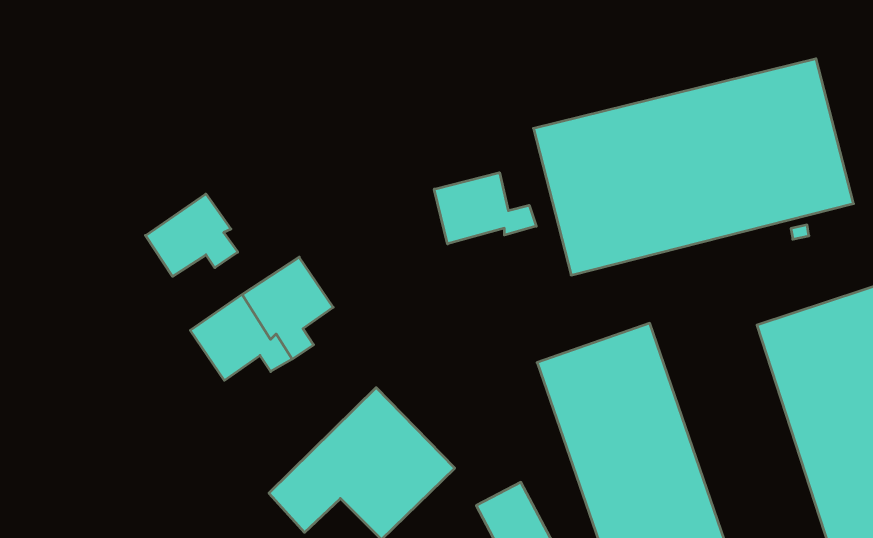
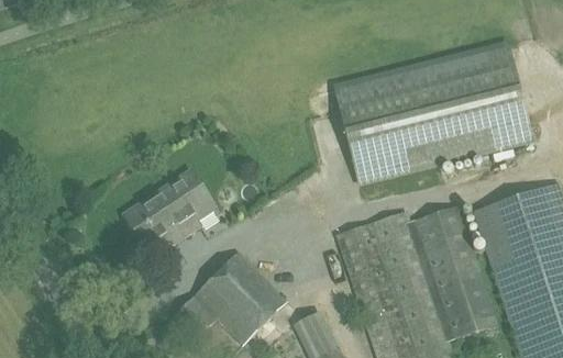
building: [434,173,536,244] -> none
building: [145,194,238,276] -> none
building: none -> [417,204,501,337]

